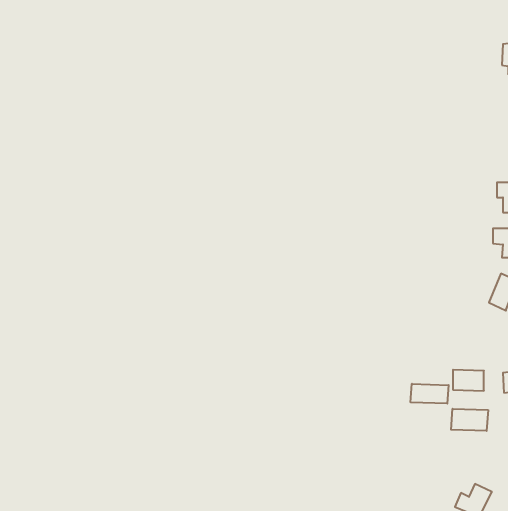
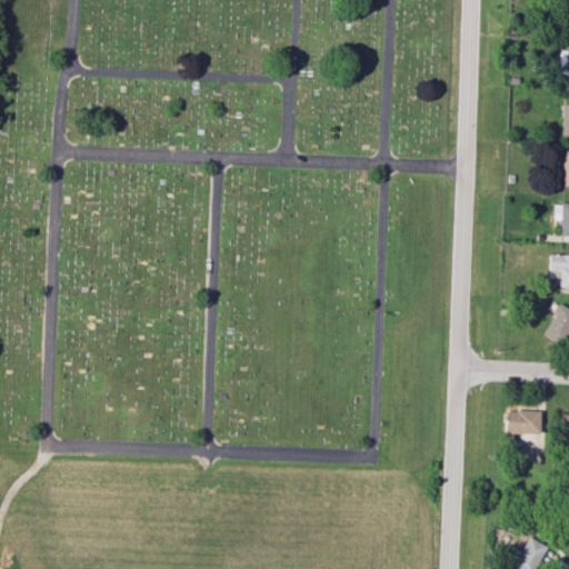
building: [411,384,449,404] -> none
building: [451,409,488,431] -> none

